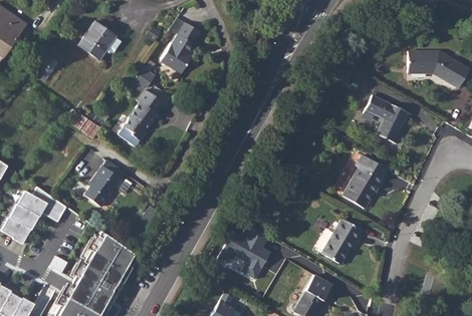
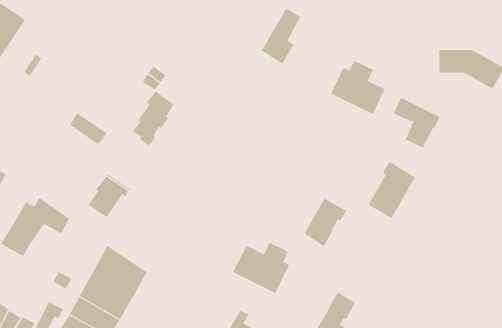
building: [79,23,121,60] -> none
building: [162,23,199,75] -> [261,8,301,65]
building: none -> [330,60,385,115]
building: [322,219,363,264] -> [304,198,347,247]

